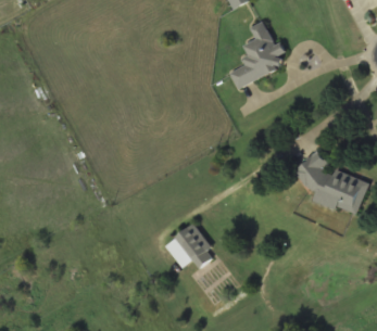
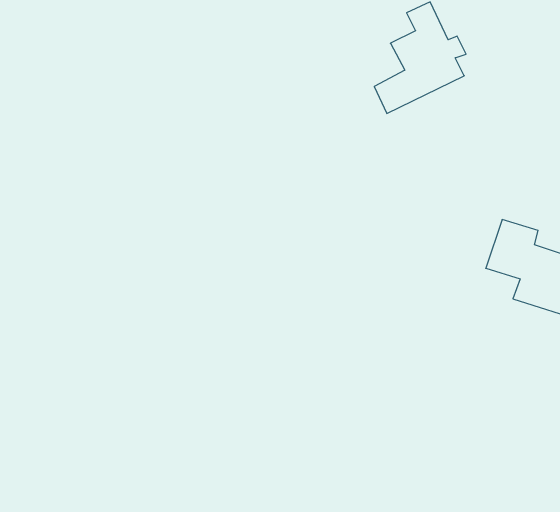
building: [164,222,212,267] -> none

